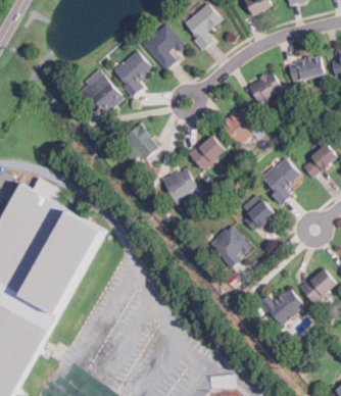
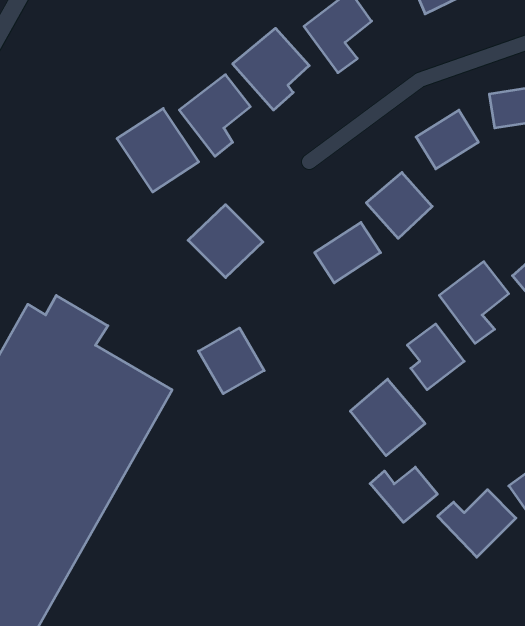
building: [160,166,198,204] -> [198,328,264,394]
building: none -> [370,467,437,522]

